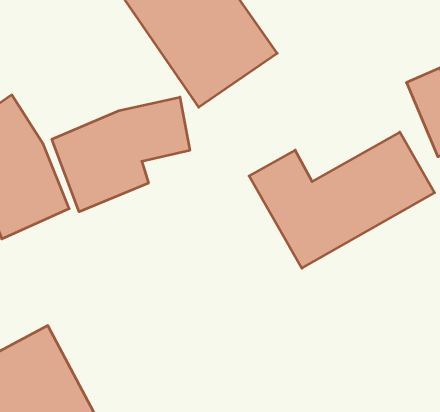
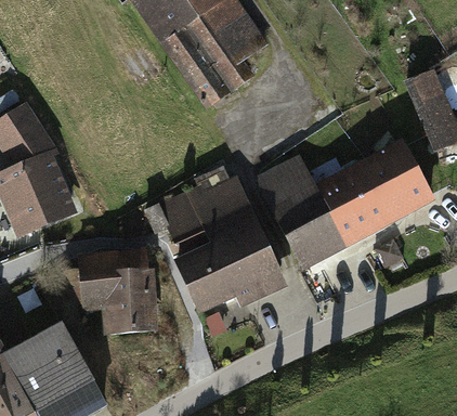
building: [52,97,190,212] -> none
building: none -> [156,178,288,320]
building: none -> [78,248,152,335]

